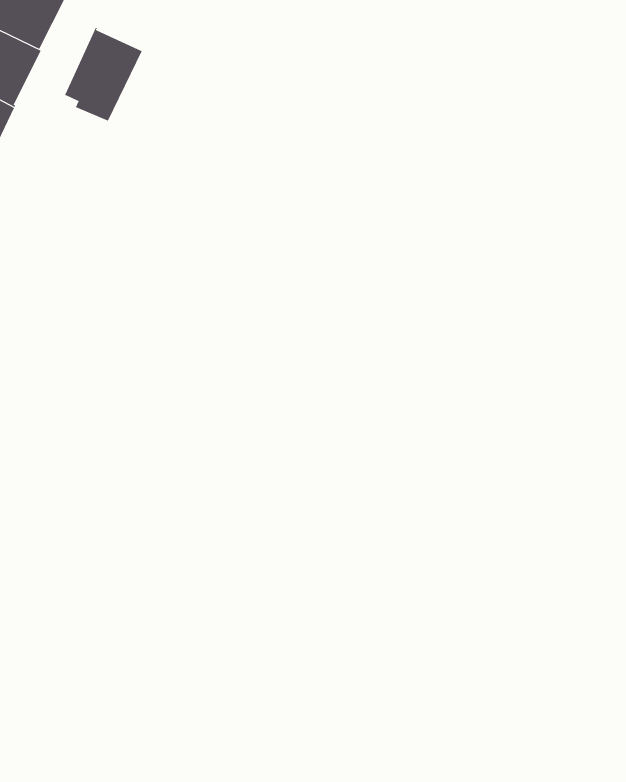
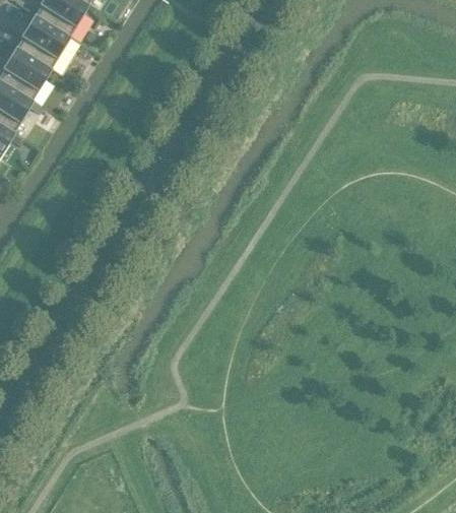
building: [63,27,142,121] -> none

